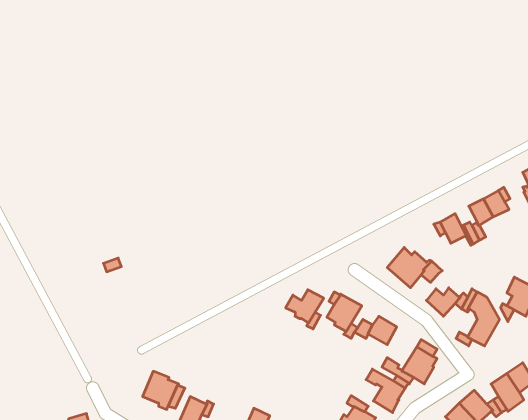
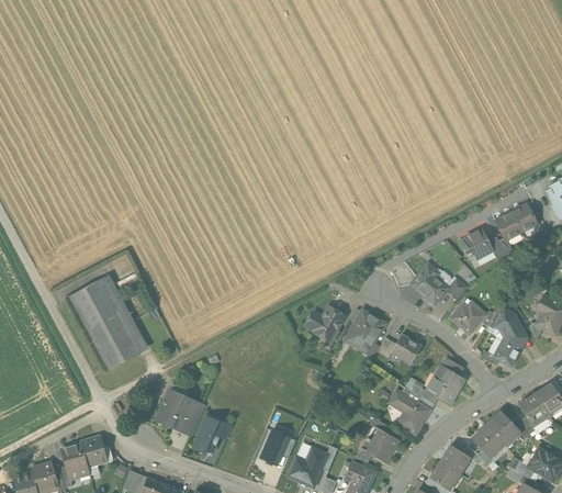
building: none -> [70,279,139,367]

